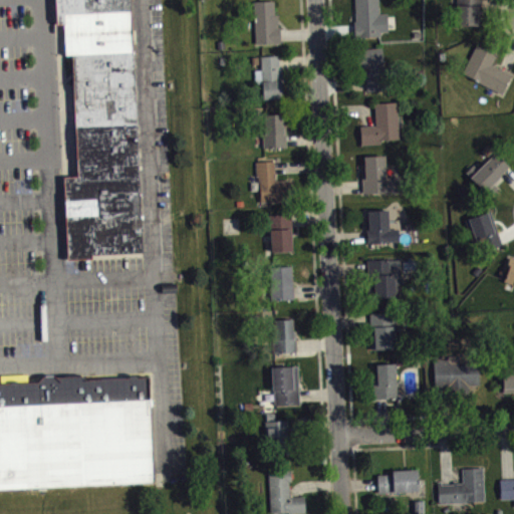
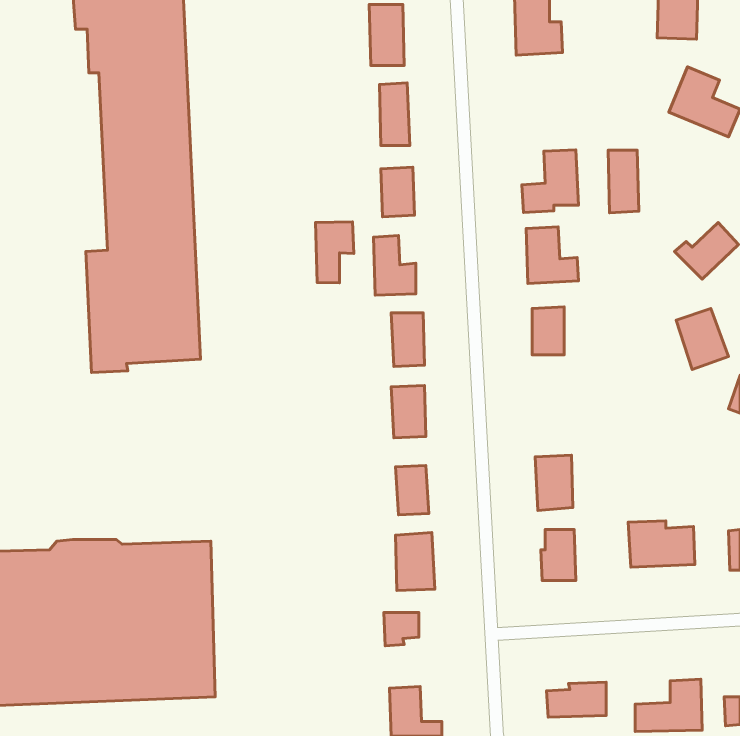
building: [363,50,384,93] -> [608,150,639,213]
building: none -> [316,222,354,283]
building: [367,261,401,300] -> none

